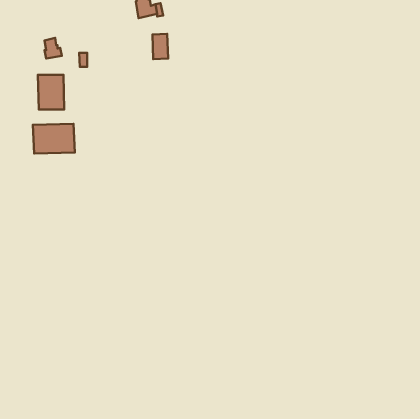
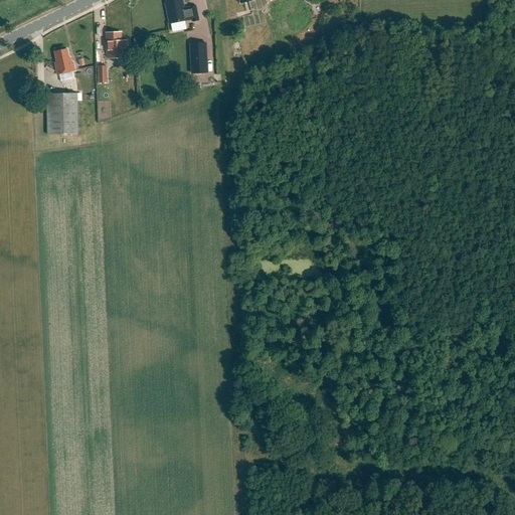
building: none -> [106,31,126,56]
building: [33,124,75,153] -> none

